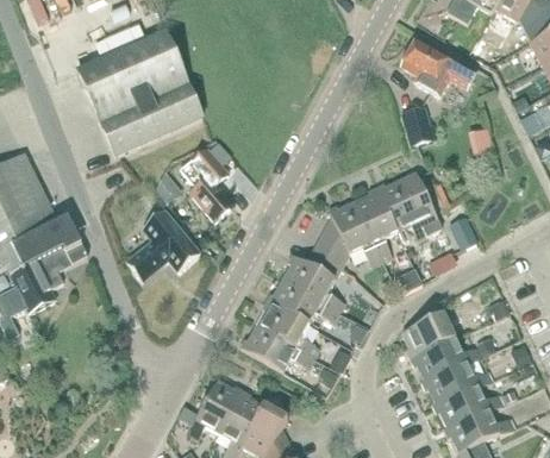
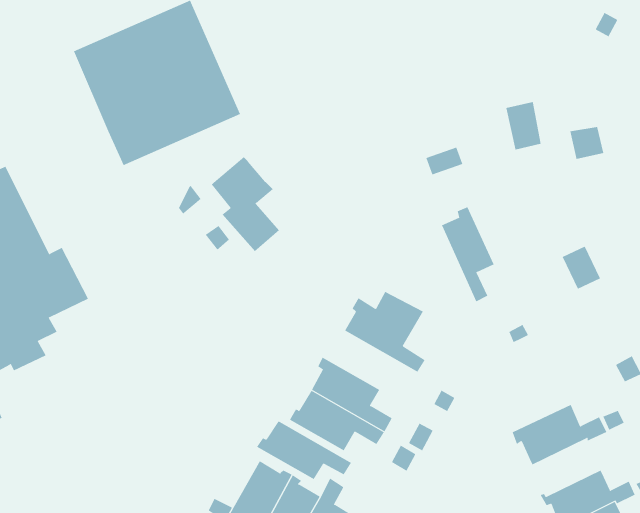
building: [398,39,476,94] -> none
building: [376,171,440,238] -> none
building: [313,200,382,265] -> none
building: [126,209,200,281] -> none
building: [265,280,338,325] -> [256,420,352,480]
building: [401,306,463,357] -> none
building: [420,362,493,406] -> none

